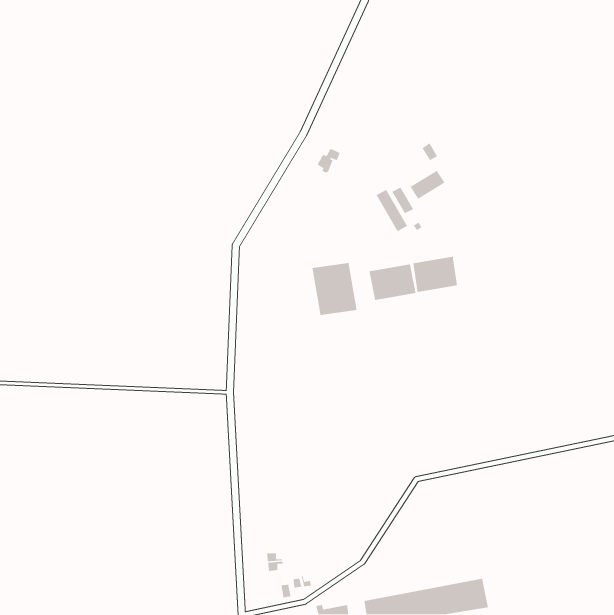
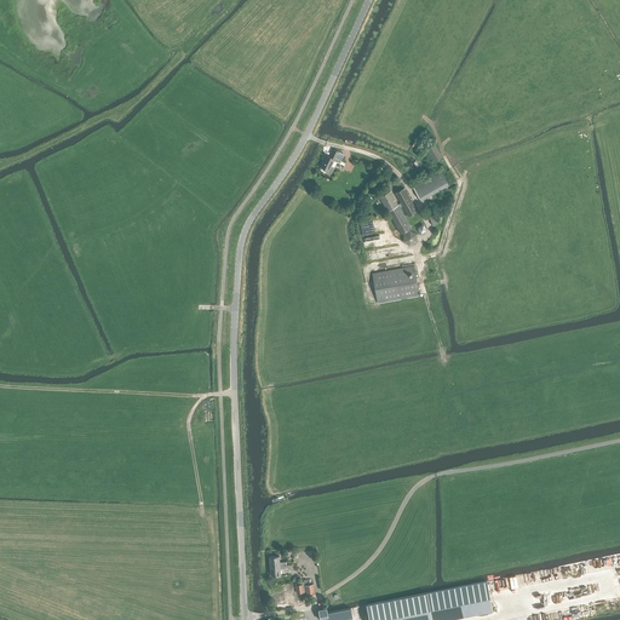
building: [413,256,458,293] -> none
building: [311,262,357,316] -> none

